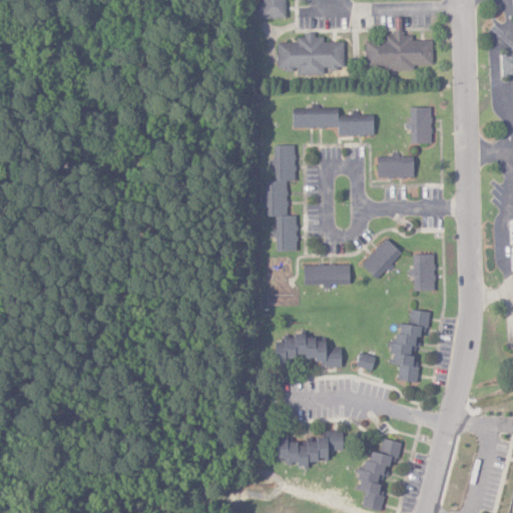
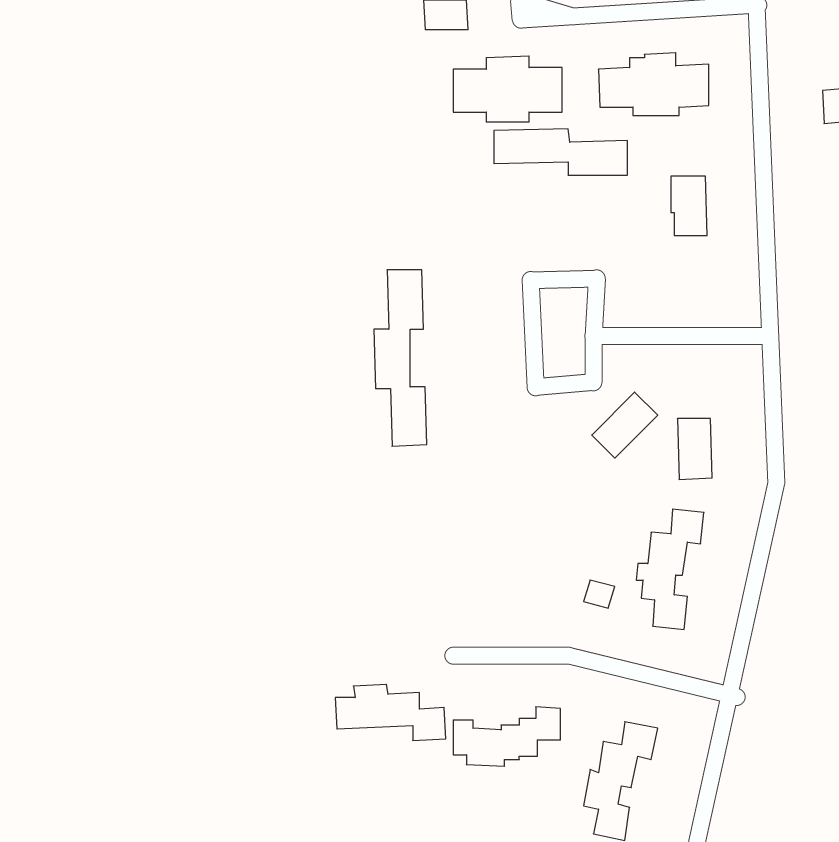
building: [293,107,374,135] -> [494,129,627,175]
building: [266,144,298,251] -> [374,270,427,446]
building: [377,154,414,177] -> none
building: [304,265,350,286] -> none
building: [276,334,343,368] -> [335,684,446,740]

